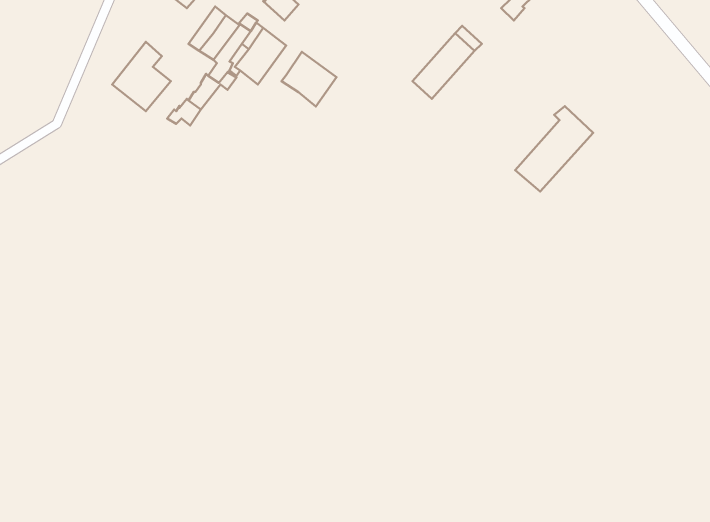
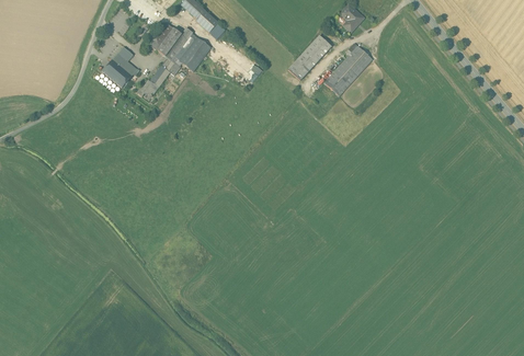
building: [281,52,336,107] -> none
building: [515,106,593,191] -> [323,43,372,95]

